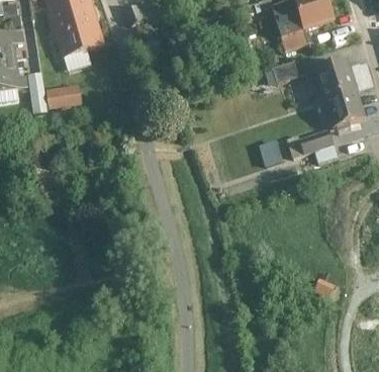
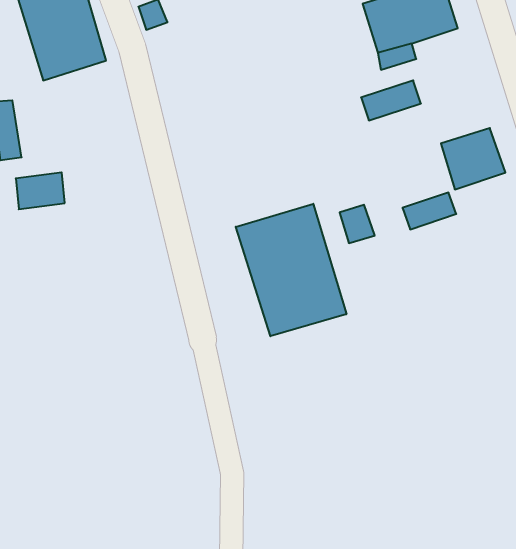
building: [313,59,356,98] -> none
building: [48,81,80,105] -> [16,172,65,209]
building: none -> [236,204,346,336]

